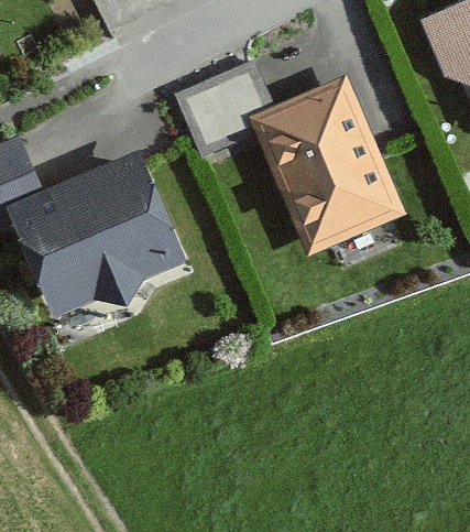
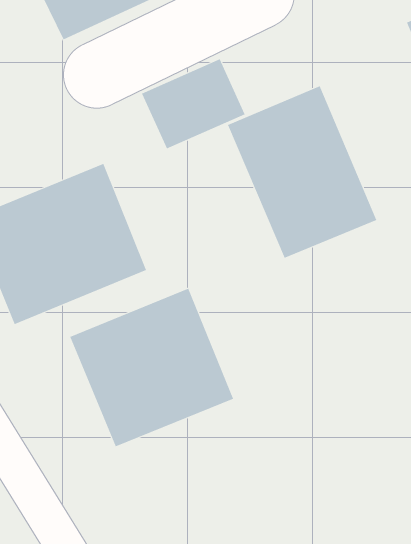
building: none -> [70,288,234,447]

